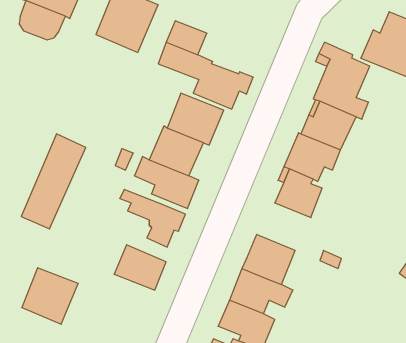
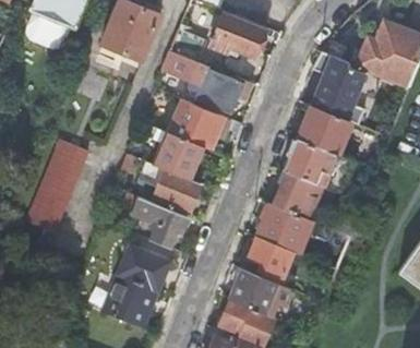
building: none -> [211,14,265,56]
building: none -> [256,203,314,253]
building: [22,268,78,324] -> [104,274,158,328]

